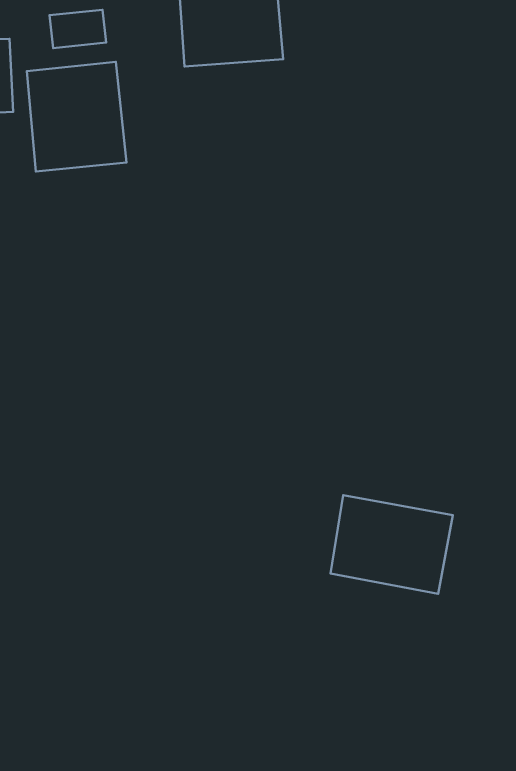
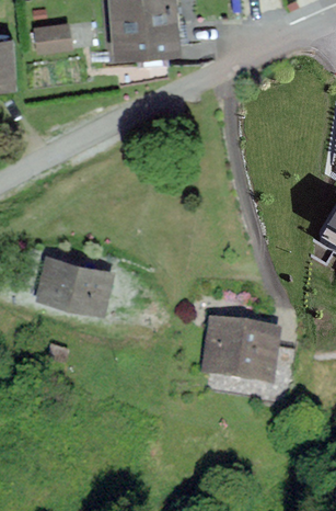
building: [27,62,126,172] -> none
building: none -> [38,259,112,314]

